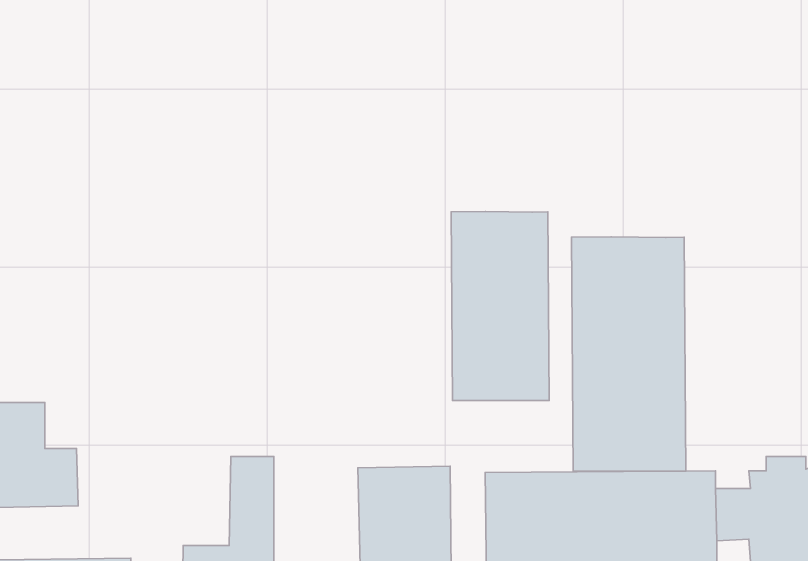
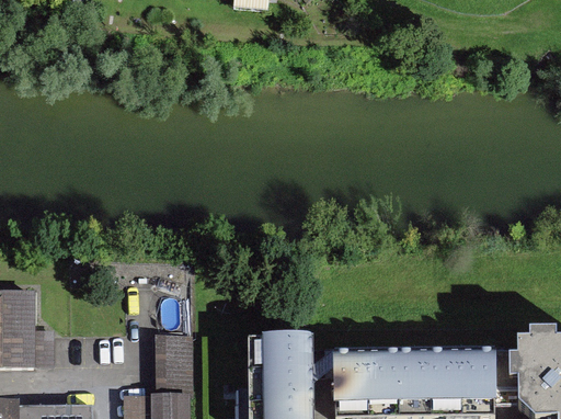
building: [451,211,549,401] -> none
building: [572,237,686,471] -> none

